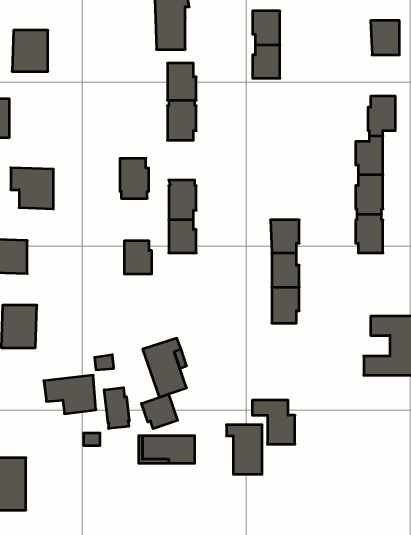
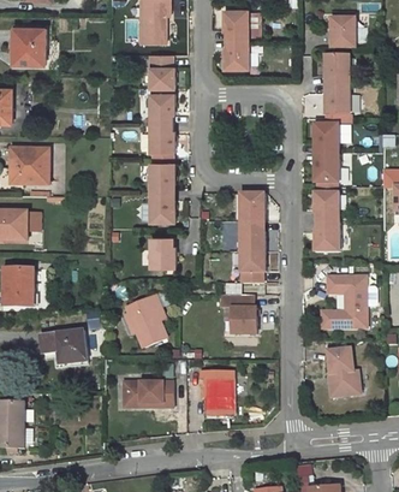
building: none -> [324,55,349,84]
building: [120,158,149,198] -> [149,123,174,158]
building: [124,241,152,274] -> [150,238,174,267]
building: none -> [314,221,339,251]
building: [104,388,129,429] -> none
building: [141,394,178,429] -> none
building: none -> [326,348,355,397]
building: [252,400,295,444] -> [219,295,256,333]

